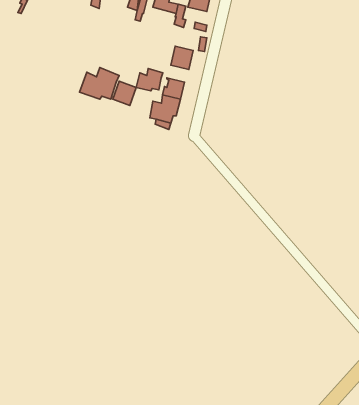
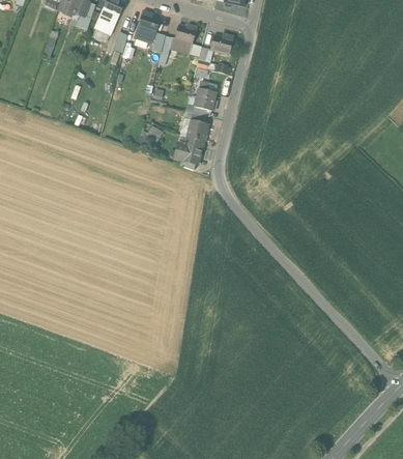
building: [80,67,119,99] -> none
building: [136,69,163,91] -> none

